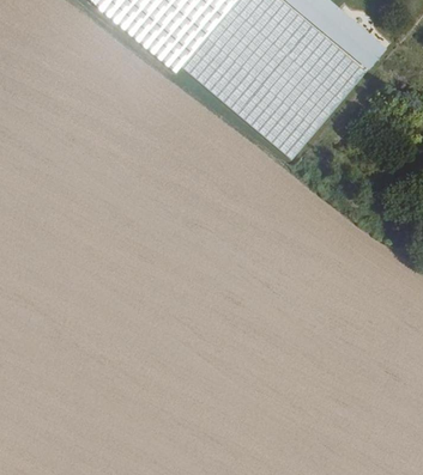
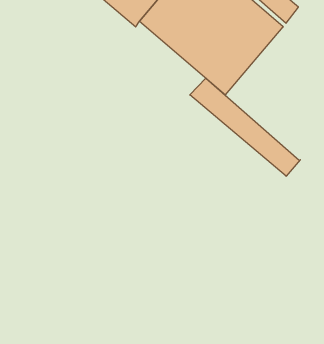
building: none -> [190,78,300,176]

